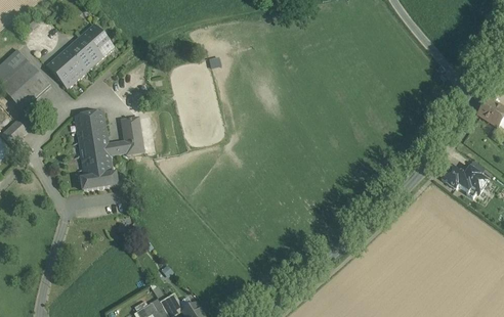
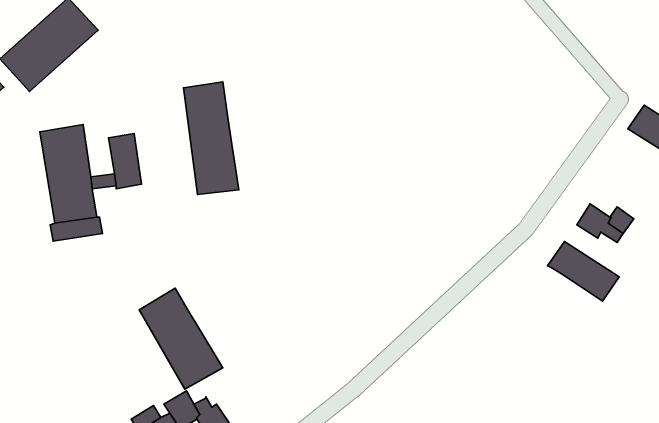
building: none -> [184,82,239,194]
building: none -> [548,242,619,301]
building: none -> [139,288,223,389]

